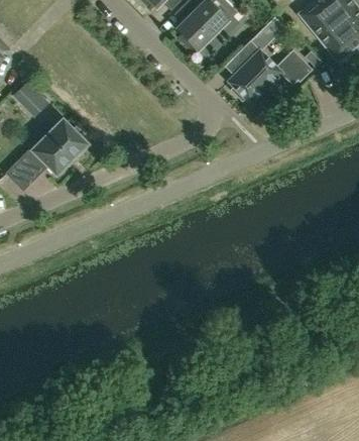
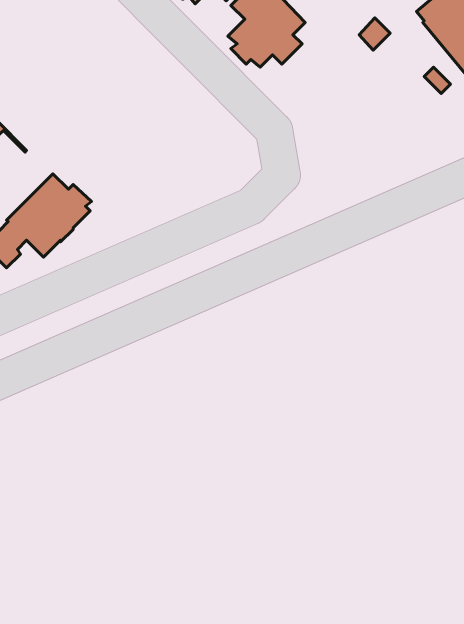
building: [228,40,313,104] -> none

